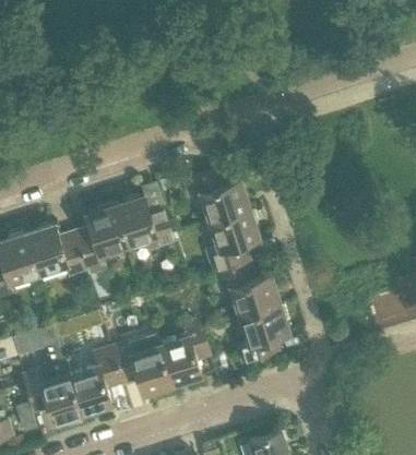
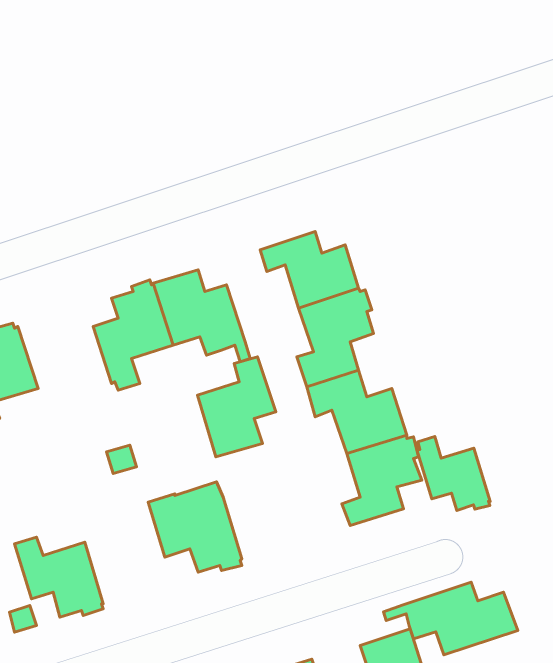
building: [26,225,87,276] -> none
building: none -> [417,436,490,510]
building: [161,320,212,385] -> [197,357,276,457]
building: [70,348,122,415] -> none
building: none -> [384,582,518,655]

